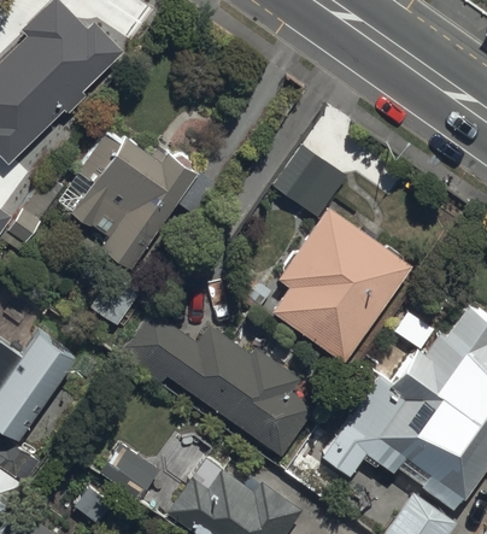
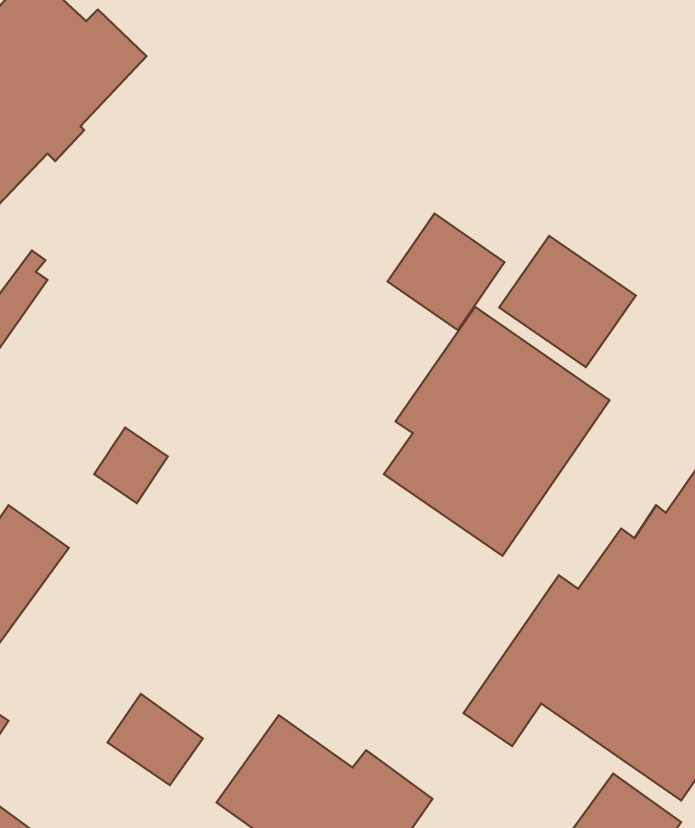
building: [70,130,224,268] -> none
building: none -> [499,236,636,367]
building: [121,313,315,457] -> none

